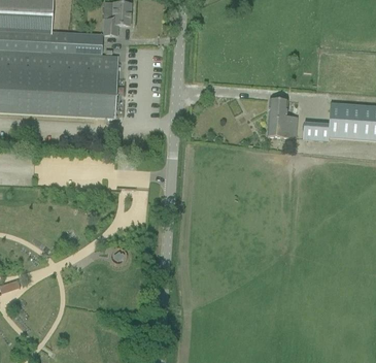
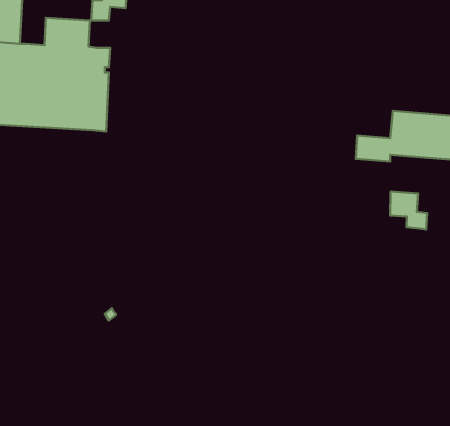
building: [266,98,296,138] -> none
building: none -> [390,191,427,229]

